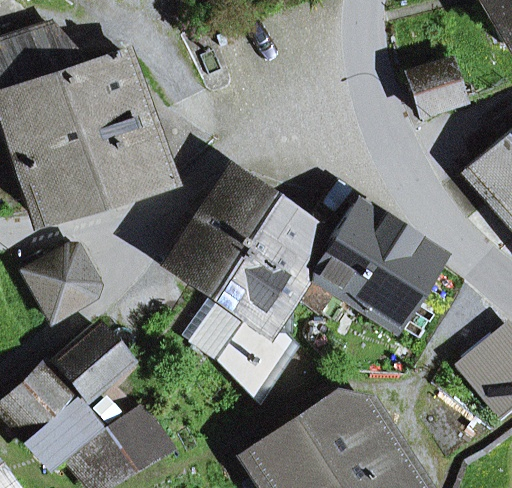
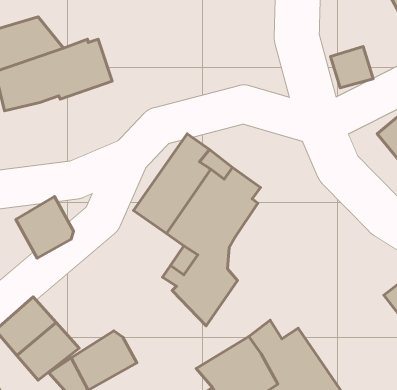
building: [11,105,169,218] -> none
building: [291,204,434,329] -> none
building: [49,325,128,407] -> none

